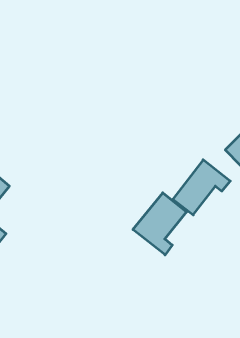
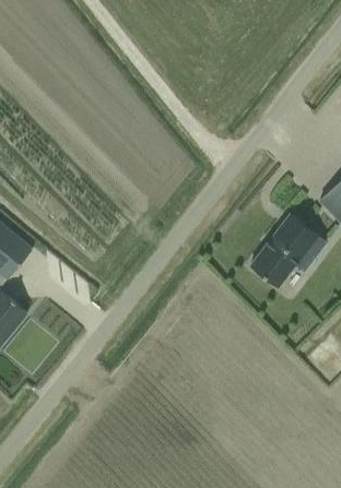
building: [133,193,187,255] -> none

